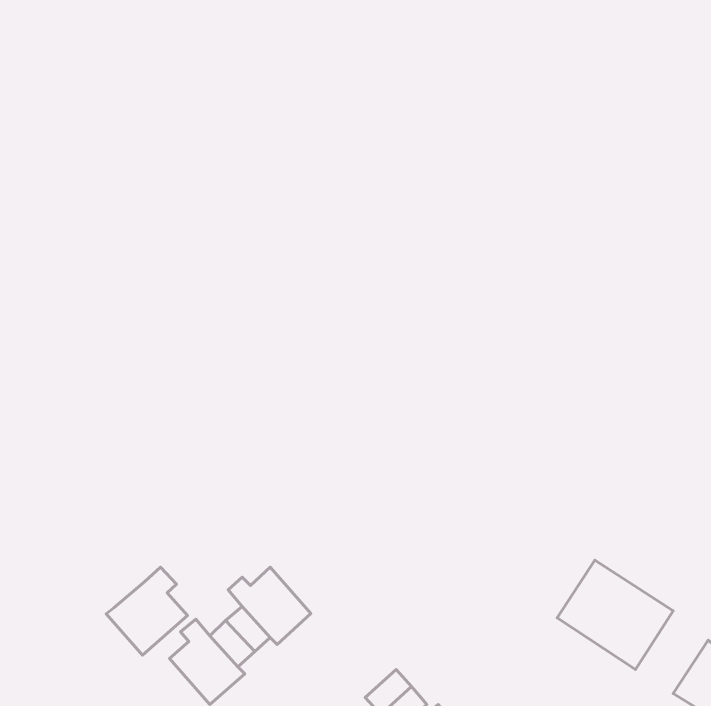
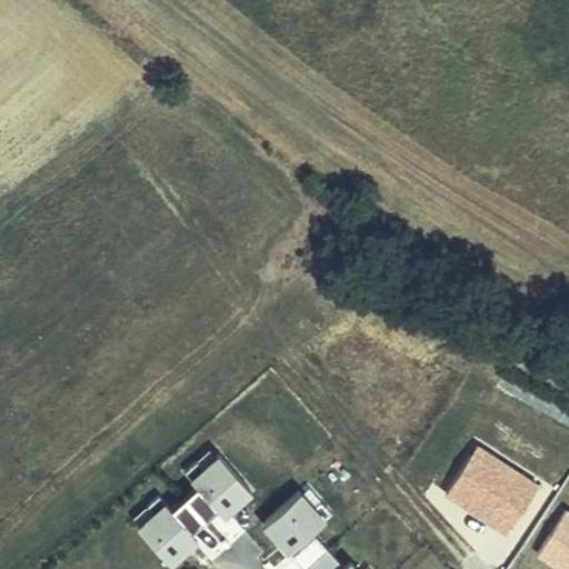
building: [106,567,188,655] -> none
building: none -> [263,496,331,556]

